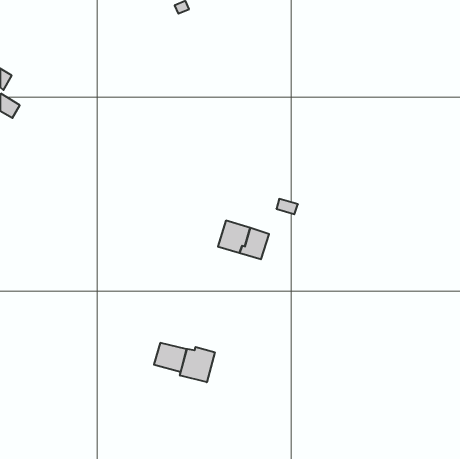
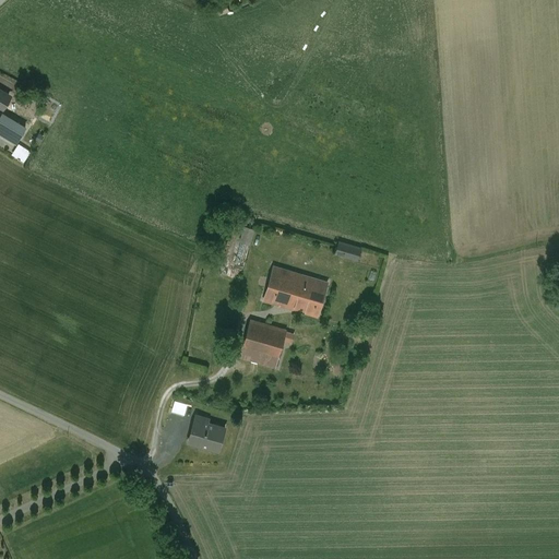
building: none -> [239,321,285,367]
building: [180,347,215,382] -> none

